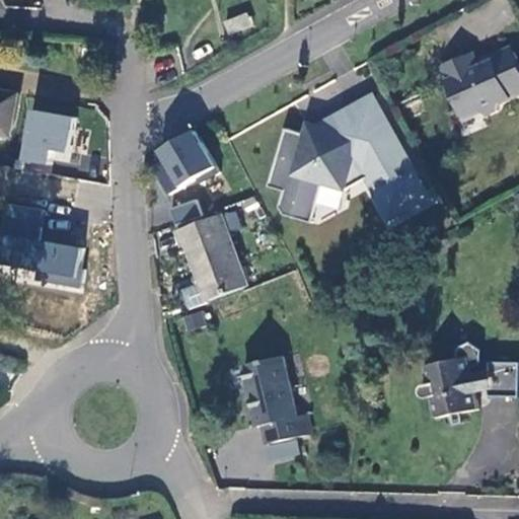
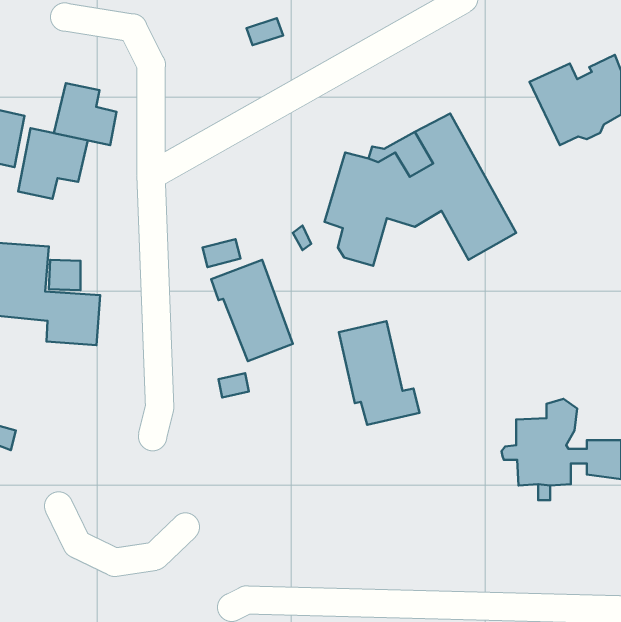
building: none -> [54,83,116,145]
building: [145,127,213,192] -> none
building: [245,359,312,445] -> [339,321,419,425]

